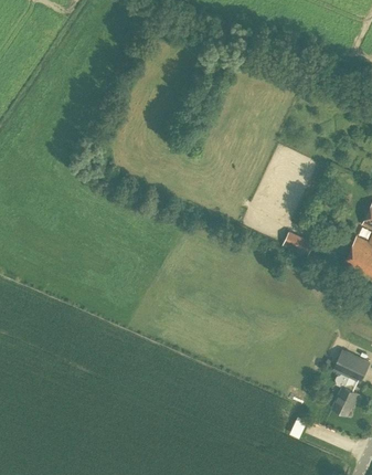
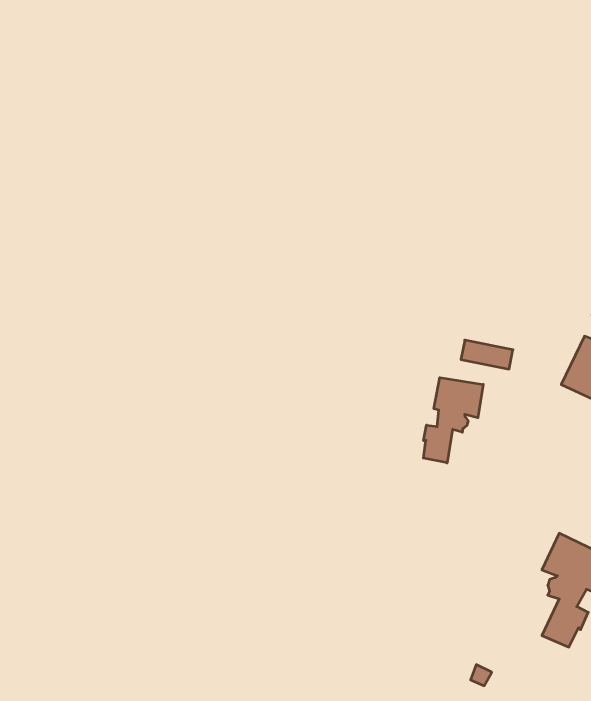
building: none -> [423,378,483,463]

